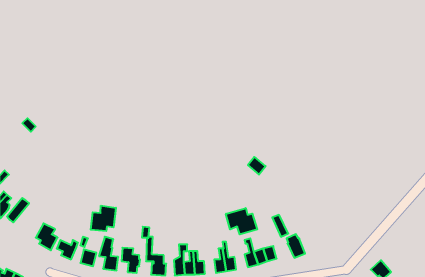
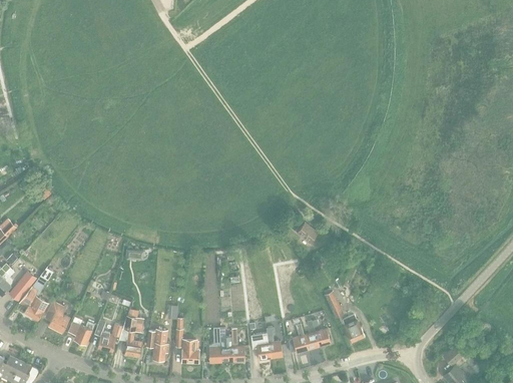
building: [91,206,116,231] -> none
building: none -> [20,281,48,320]
building: [226,208,257,234] -> none

